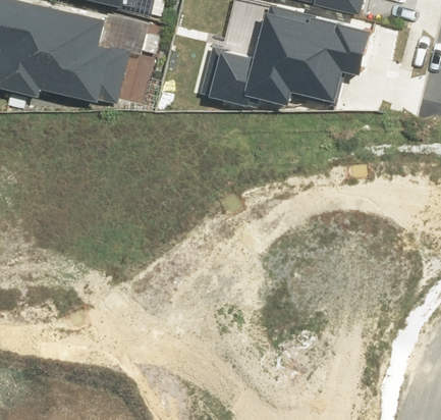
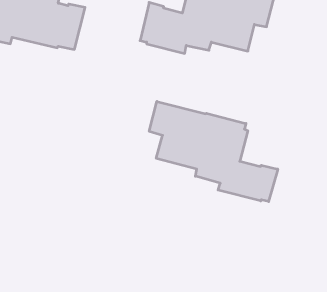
building: none -> [149,101,278,202]

